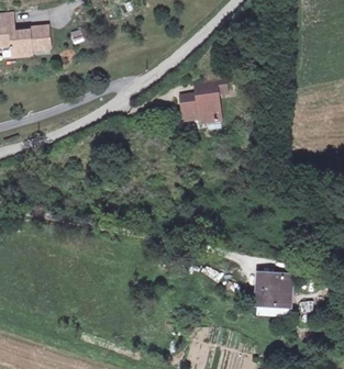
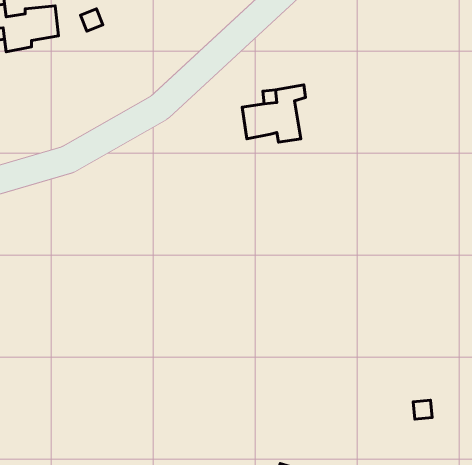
building: [252,272,289,308] -> none

